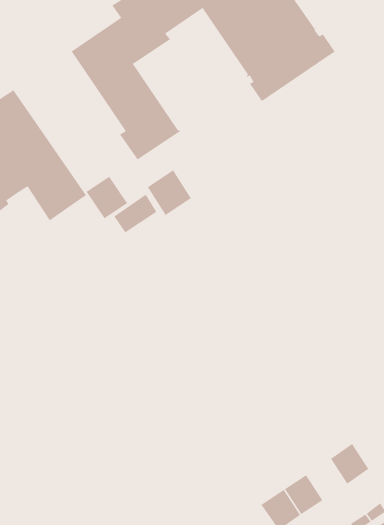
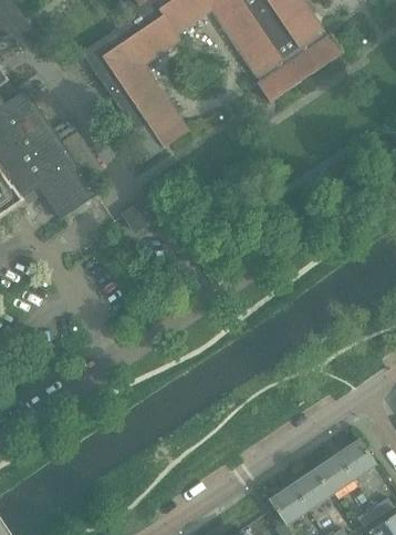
building: [147,170,191,216] -> none
building: [86,176,128,219] -> none
building: none -> [314,453,354,494]

